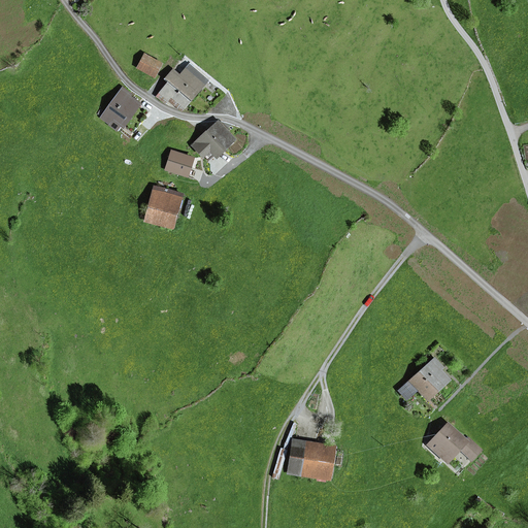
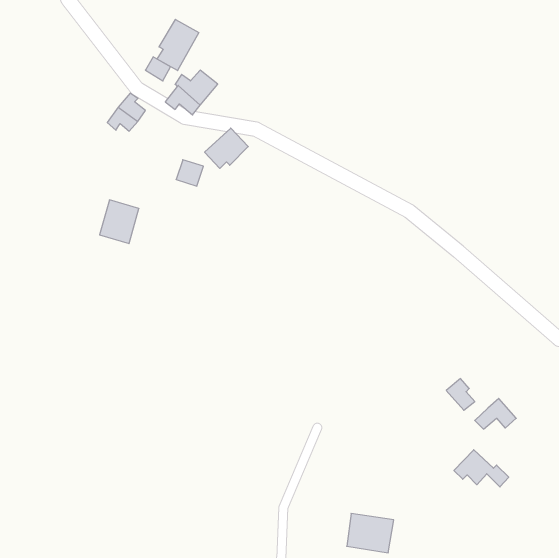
building: none -> [157,19,199,71]
building: [144,186,182,227] -> [100,200,139,244]
building: [398,368,437,397] -> [475,398,516,429]
building: [289,440,333,477] -> [347,513,394,553]

